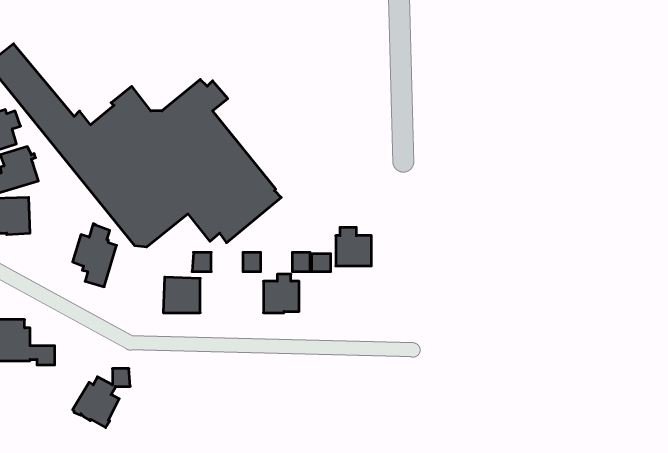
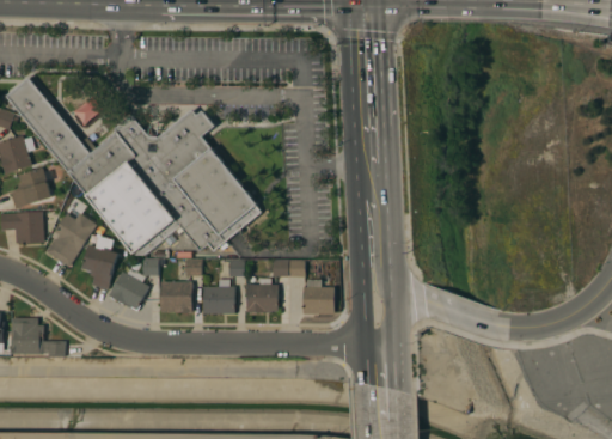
building: none -> [45,213,96,267]
building: [336,227,371,266] -> [302,280,333,313]
building: none -> [202,280,234,313]
building: [73,369,130,428] -> [108,260,158,311]

